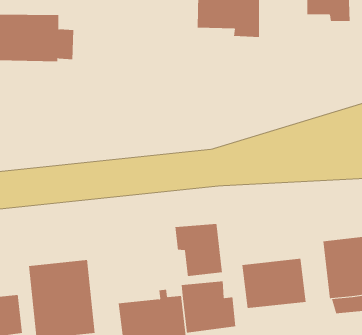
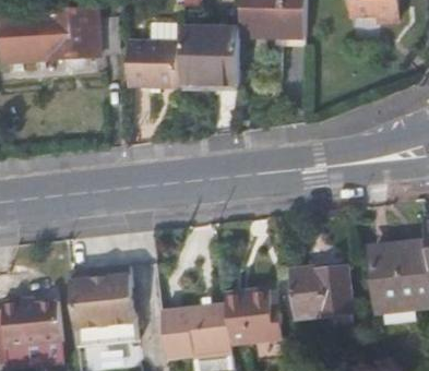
building: none -> [126,23,176,85]
building: none -> [181,27,240,87]
building: [175,223,223,277] -> none

